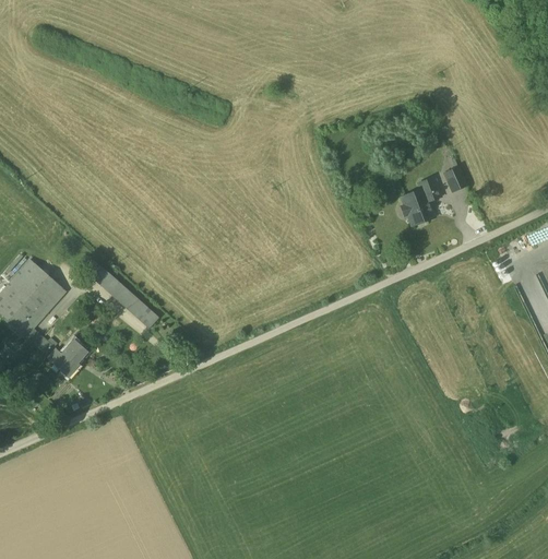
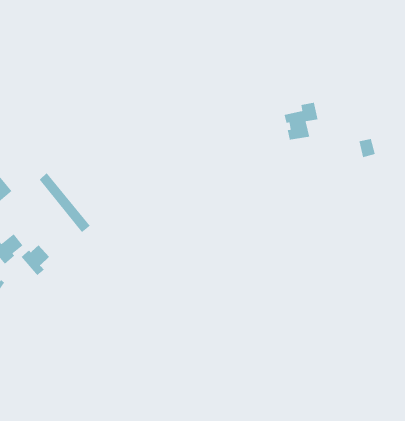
building: [400,179,440,227] -> [283,102,319,141]
building: none -> [20,244,50,276]

